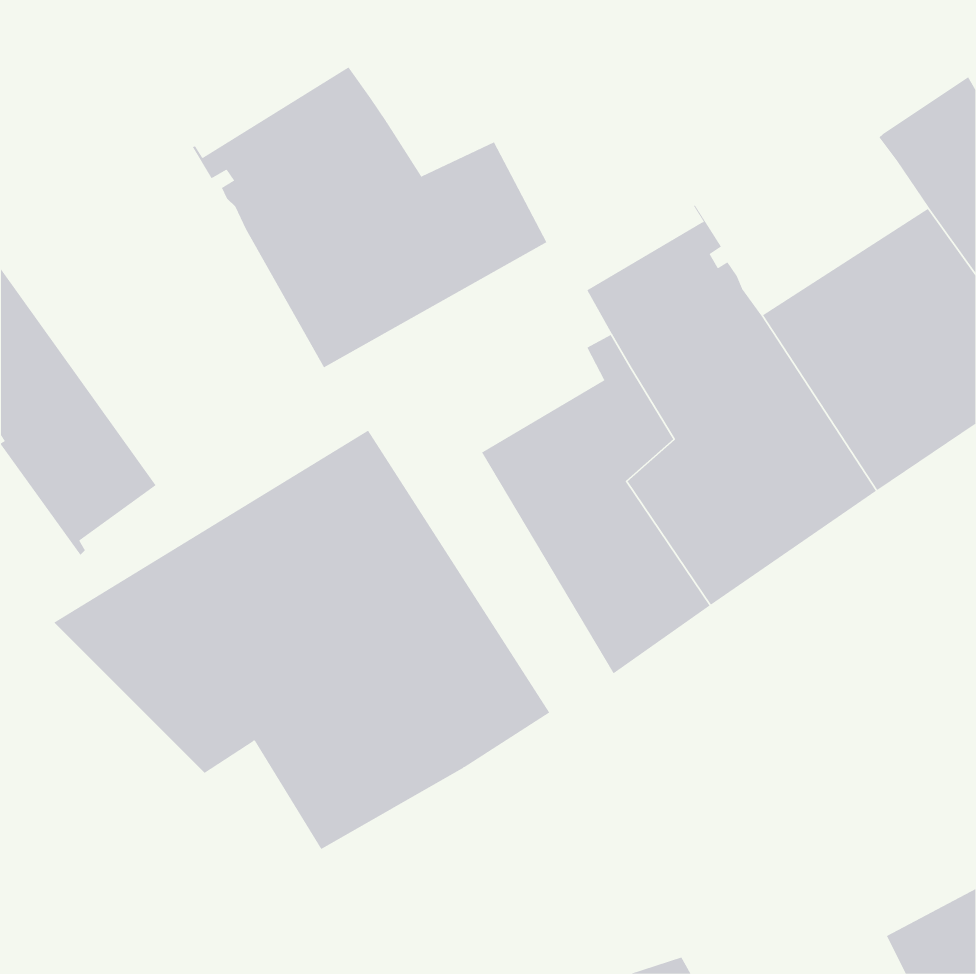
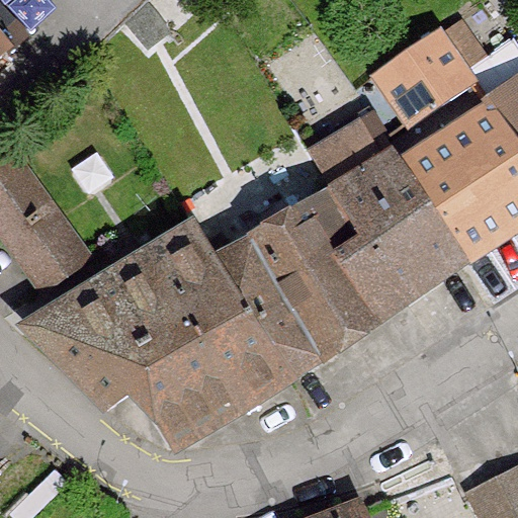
building: none -> [372,32,474,128]
building: [192,66,547,368] -> none
building: none -> [195,227,325,377]

